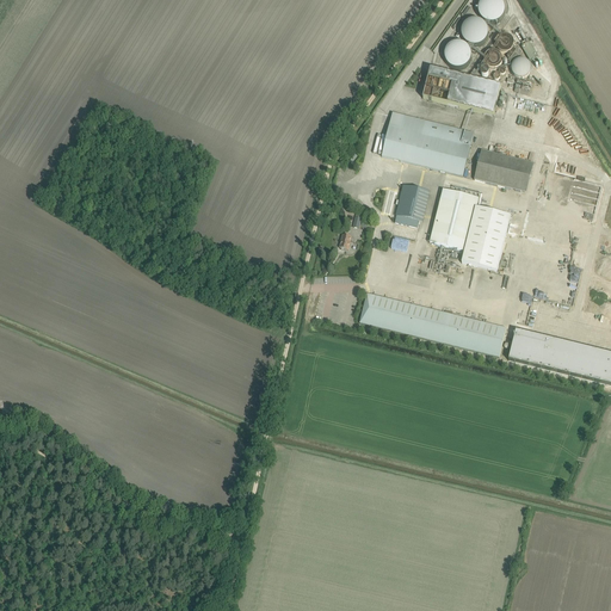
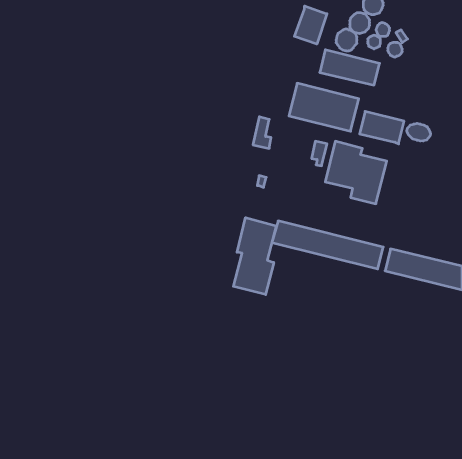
building: none -> [294,6,327,44]
building: none -> [407,123,431,141]
building: [394,183,418,224] -> [253,117,271,148]
building: none -> [233,218,276,295]

